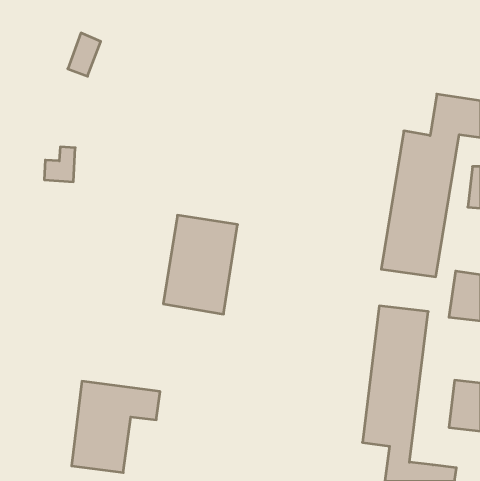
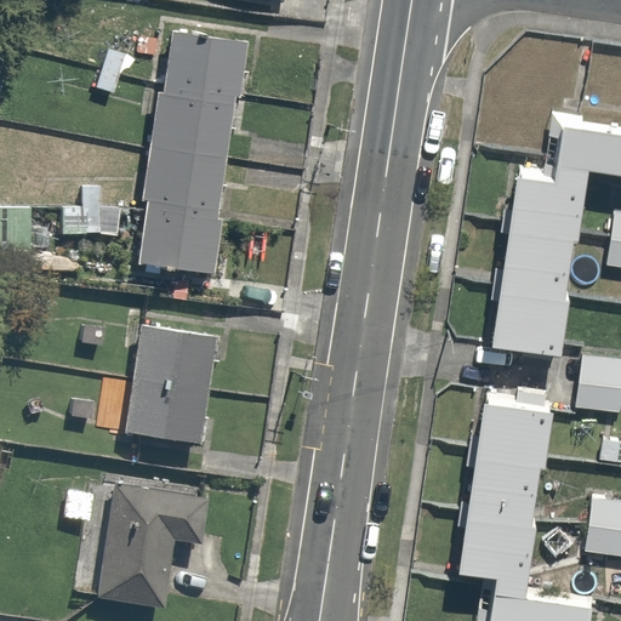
building: none -> [136,29,240,277]
building: [163,215,238,314] -> [118,319,213,446]

